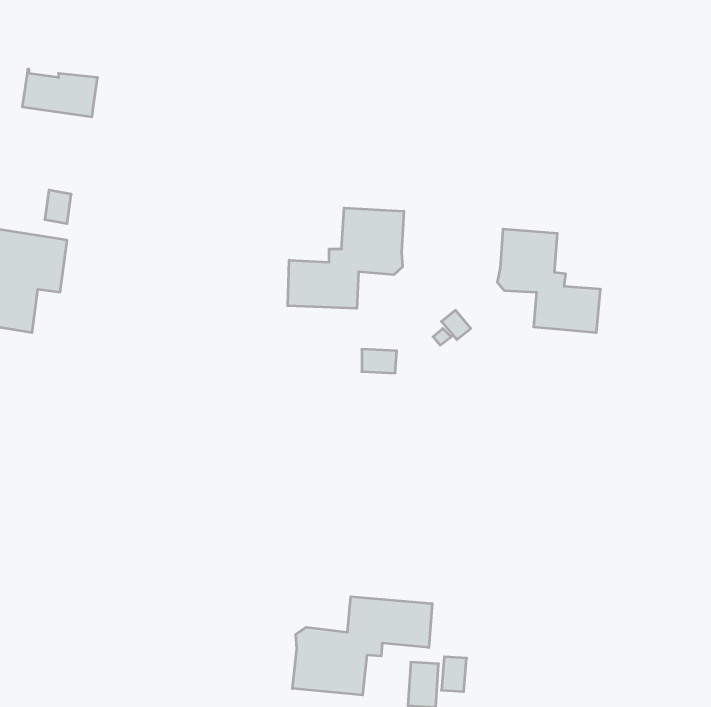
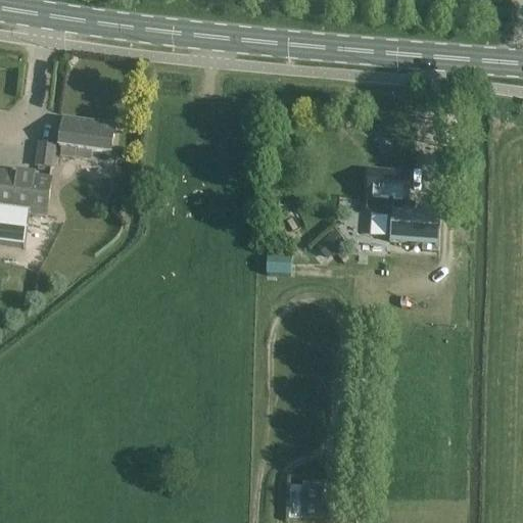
building: [22,69,98,117] -> [57,115,112,150]
building: [288,208,404,308] -> none
building: [292,597,432,695] -> none

